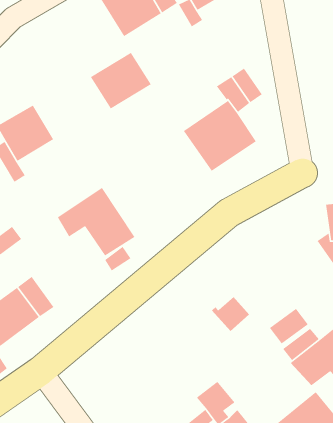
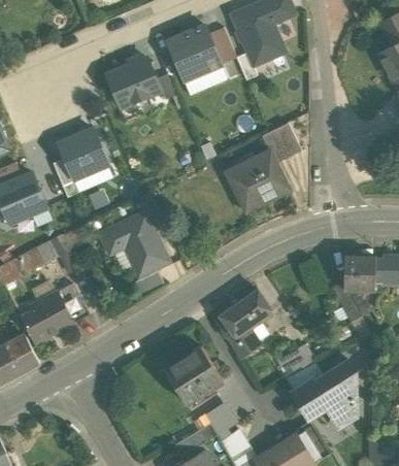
building: [90,52,152,110] -> [106,58,161,107]
building: none -> [220,289,272,337]
building: none -> [164,346,223,404]

